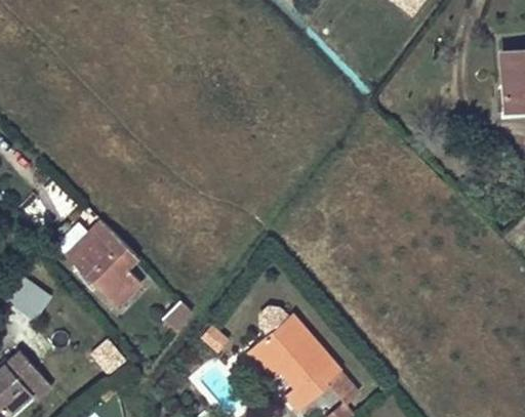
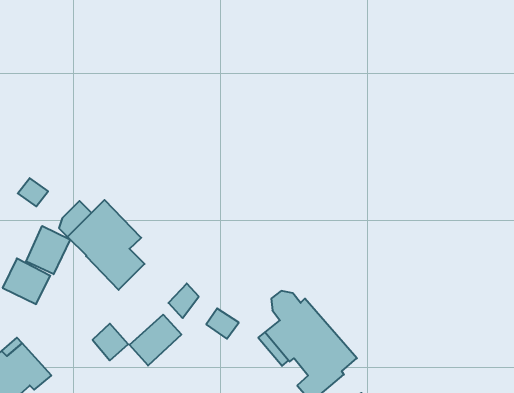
building: none -> [26,226,70,274]
building: none -> [129,315,181,366]

